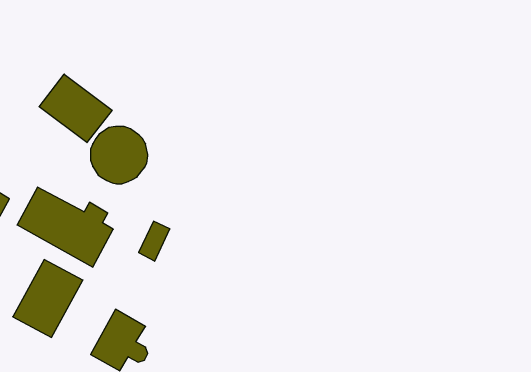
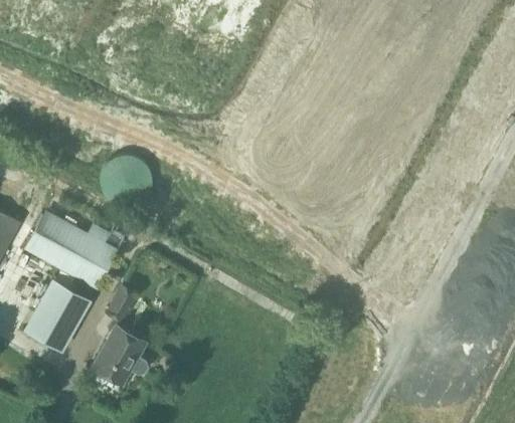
building: [39,74,112,143] -> none
building: [139,221,170,261] -> [107,285,136,323]

